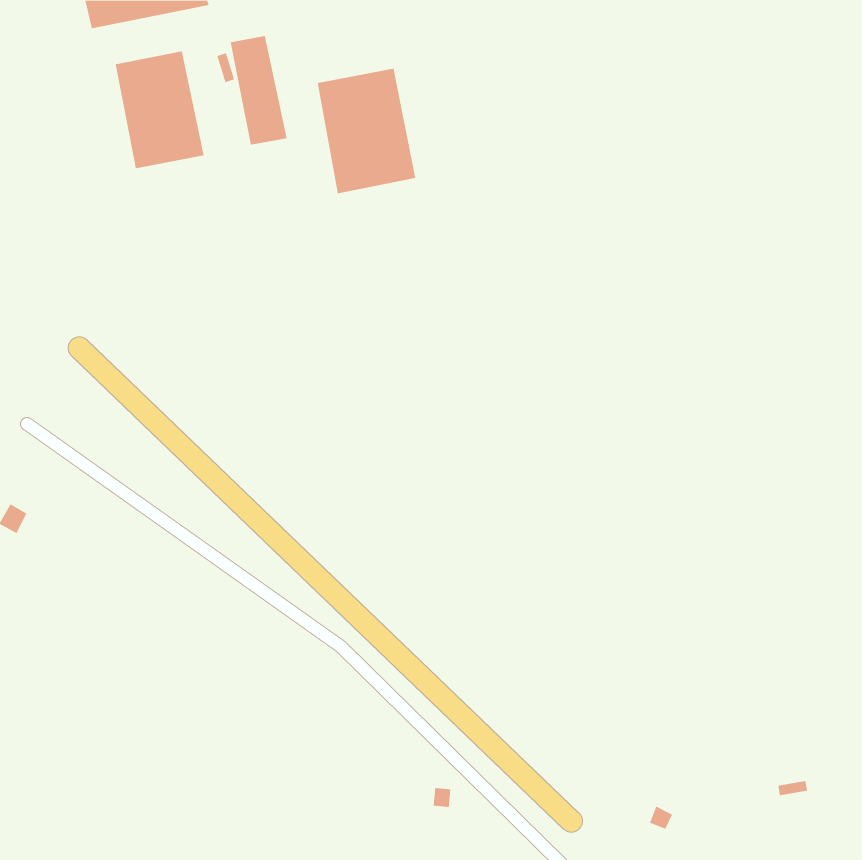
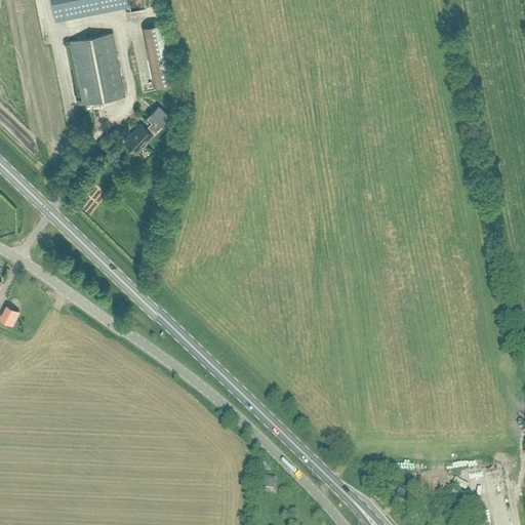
building: [317,68,416,194] -> none
building: none -> [123,112,164,154]

